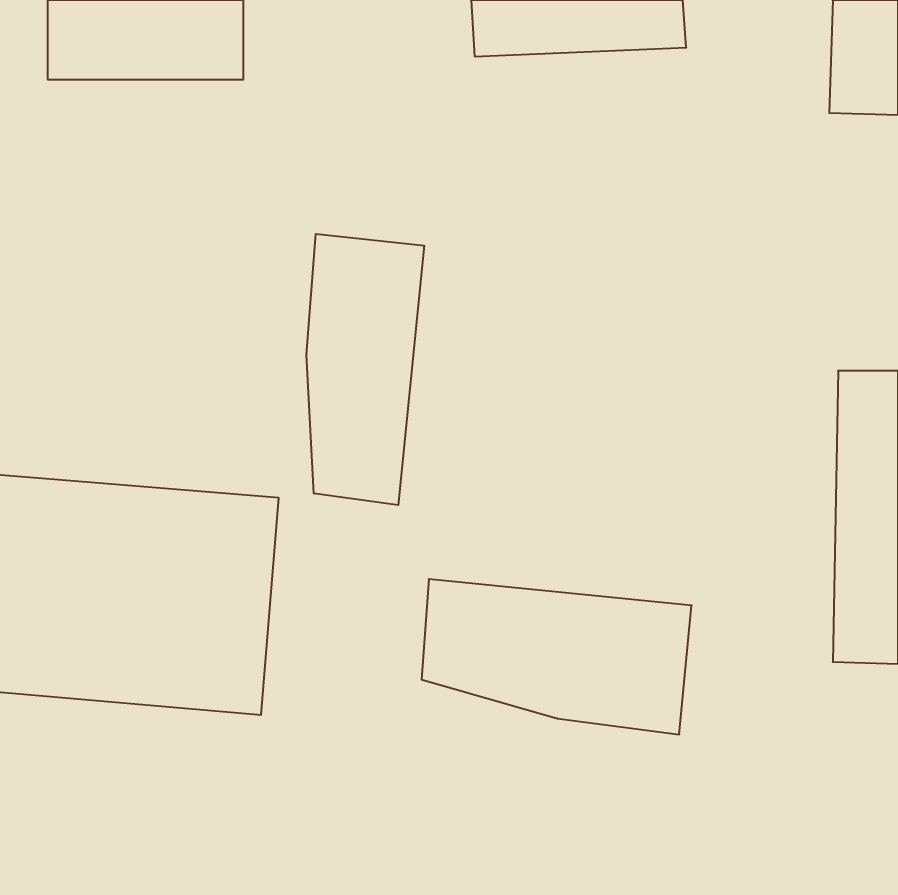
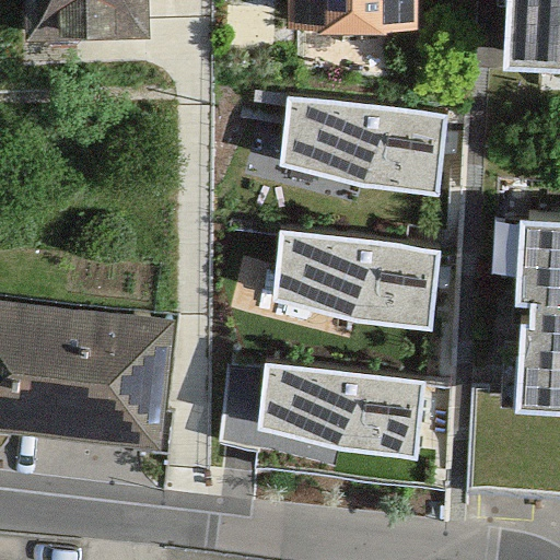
building: none -> [282,97,443,189]
building: [307,234,424,505] -> none
building: none -> [272,229,440,325]

